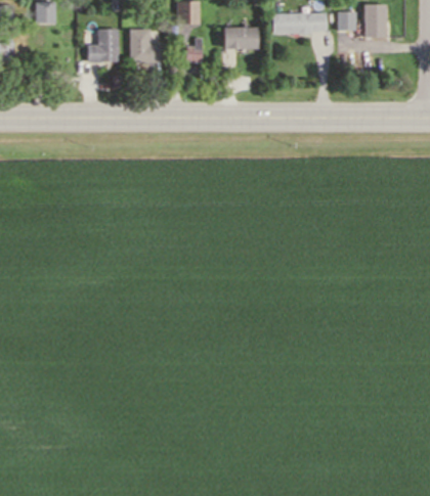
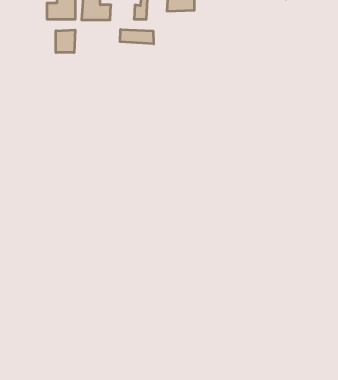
building: none -> [120,29,154,44]
building: none -> [56,30,75,53]

